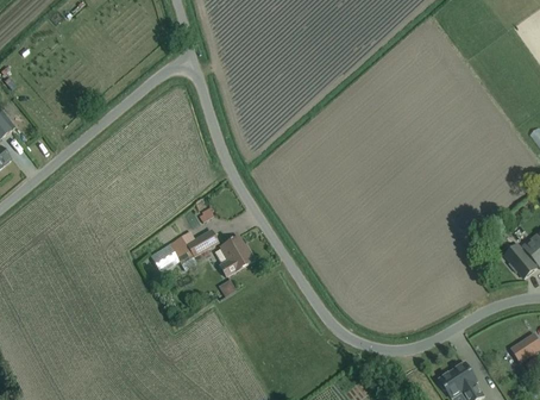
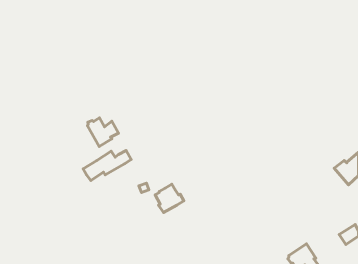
building: none -> [88,118,118,146]
building: [214,235,255,275] -> [155,184,184,213]

